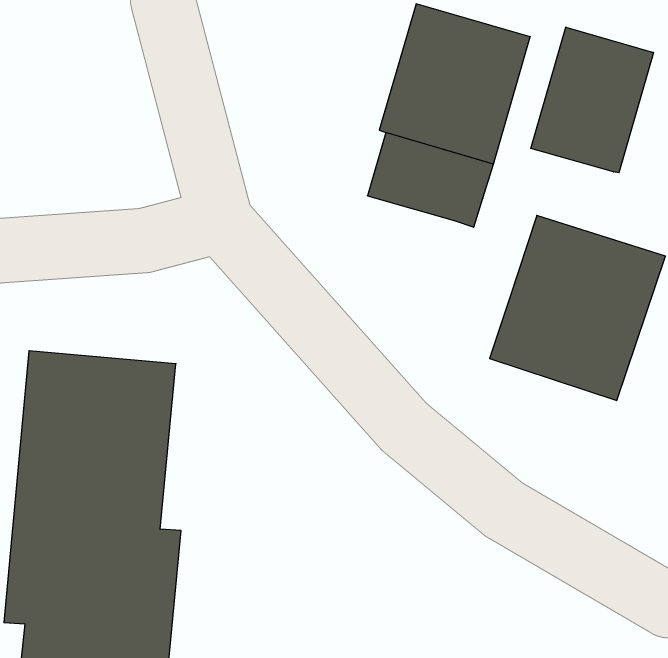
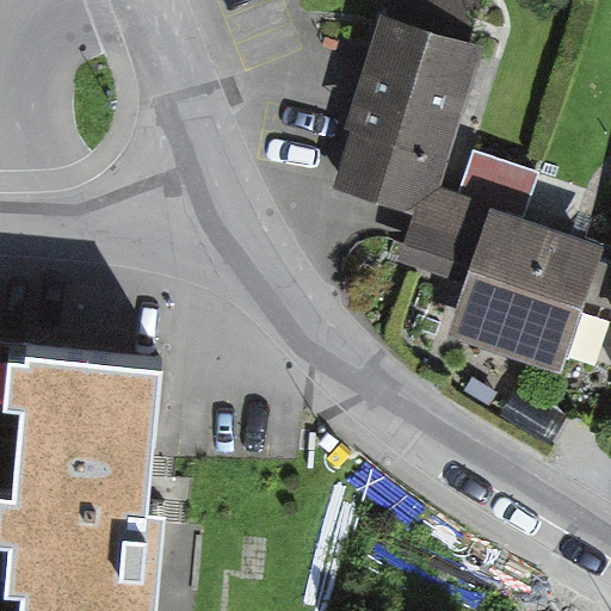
building: [531,27,653,173] -> none
building: none -> [397,192,488,284]

